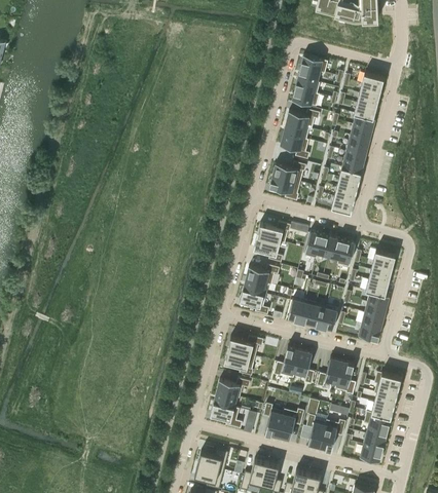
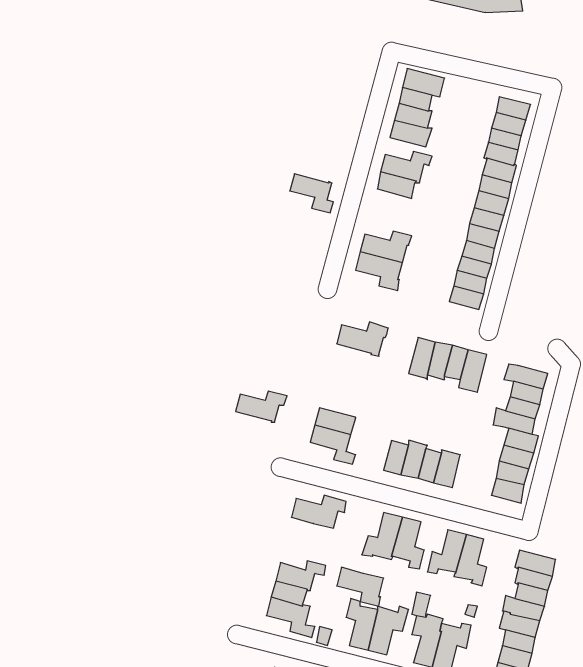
building: [281,134,309,159] -> [290,174,333,213]
building: [254,235,283,262] -> none
building: [246,264,280,285] -> [236,391,287,422]
building: [224,349,255,375] -> [337,567,384,606]

